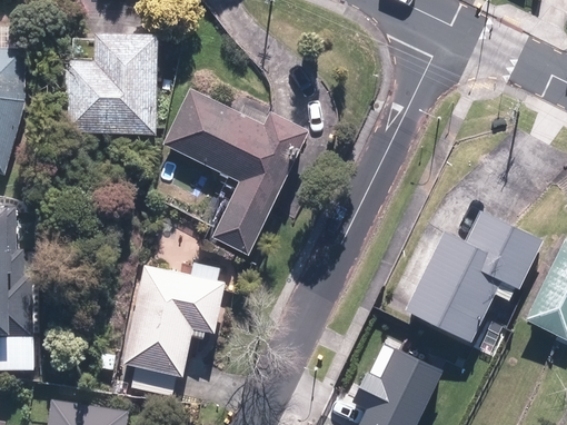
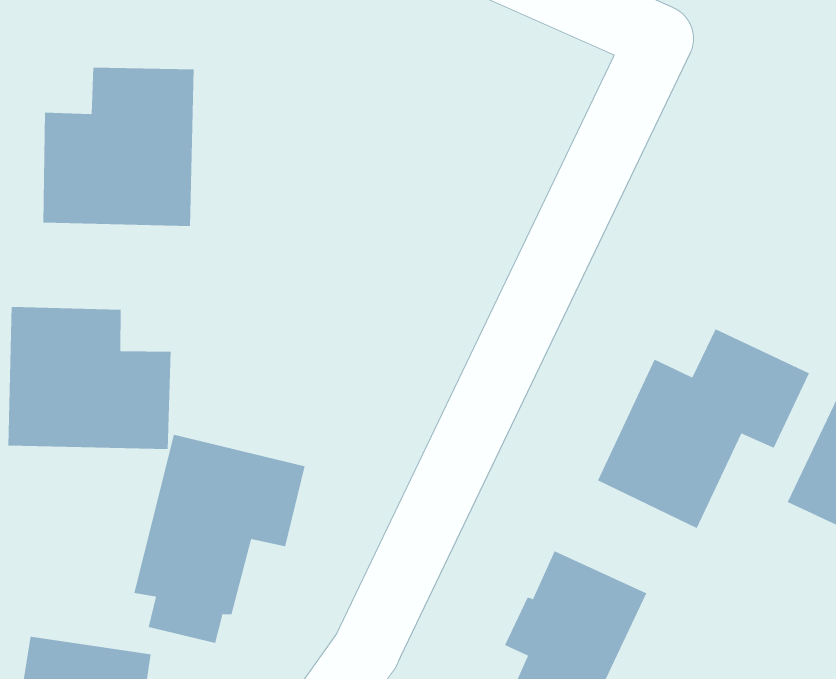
building: [165,87,314,253] -> none
building: none -> [8,306,171,450]

